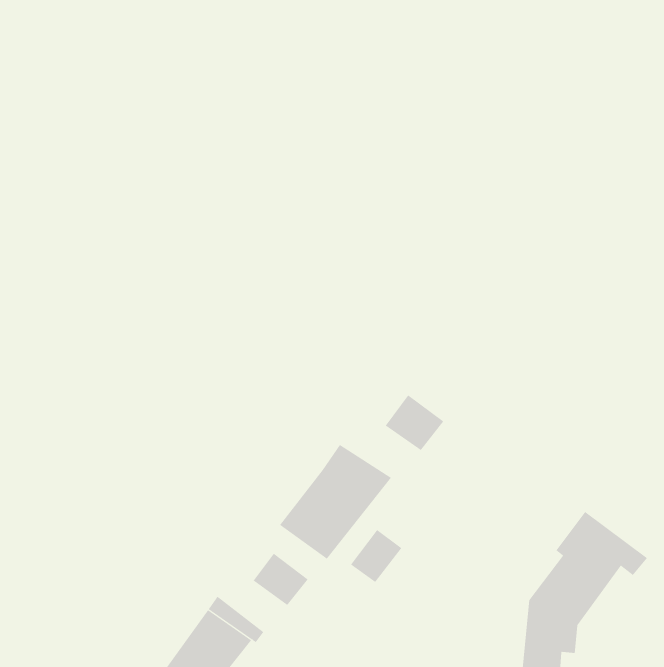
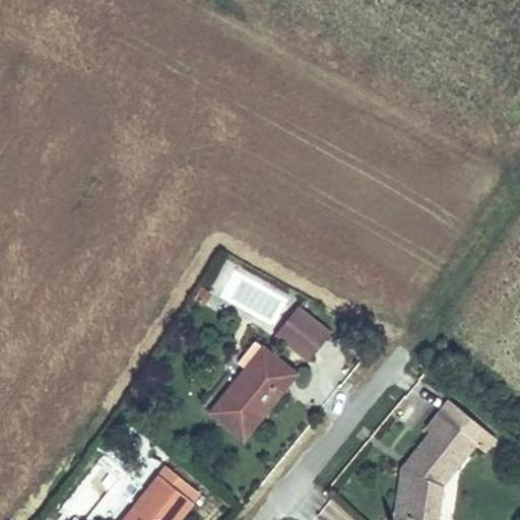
building: [350,529,402,583] -> none
building: [253,553,309,606] -> none

